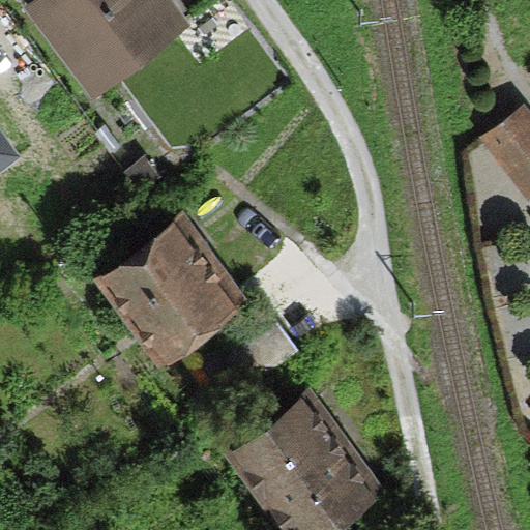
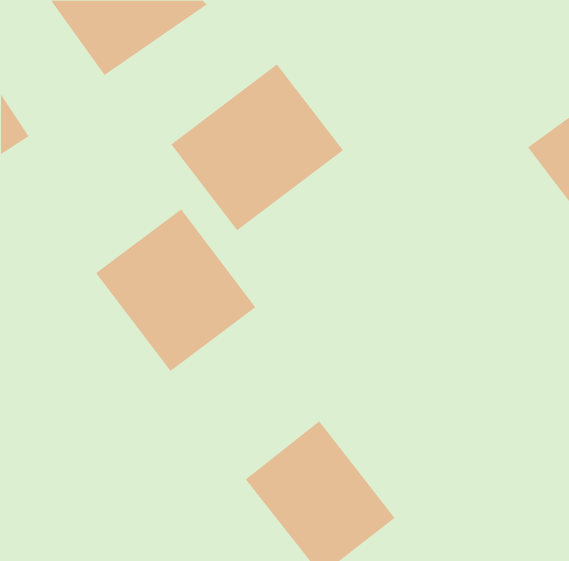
building: none -> [171,64,344,231]

